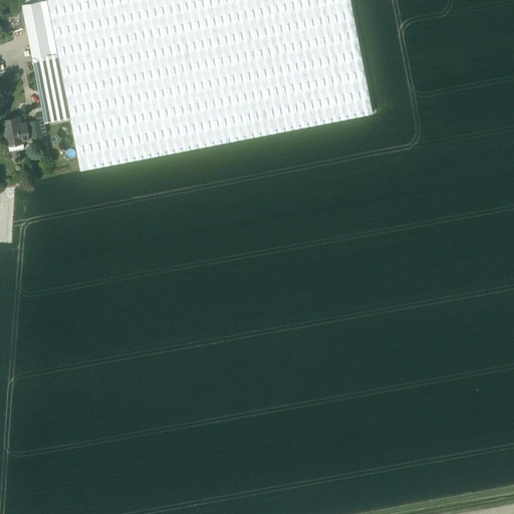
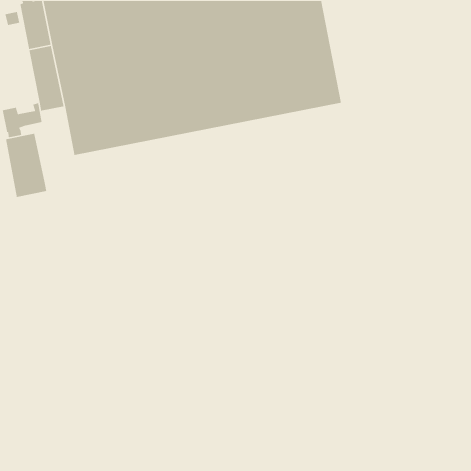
building: none -> [5,133,47,198]

